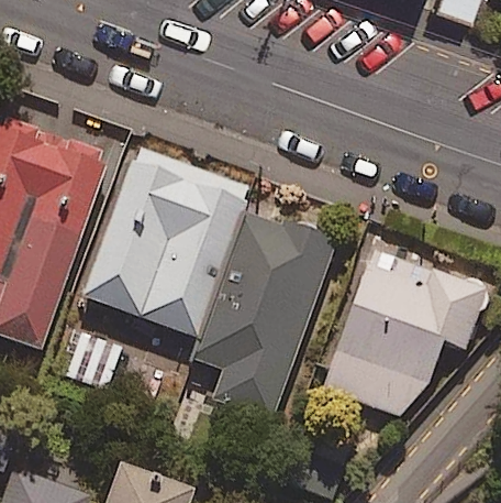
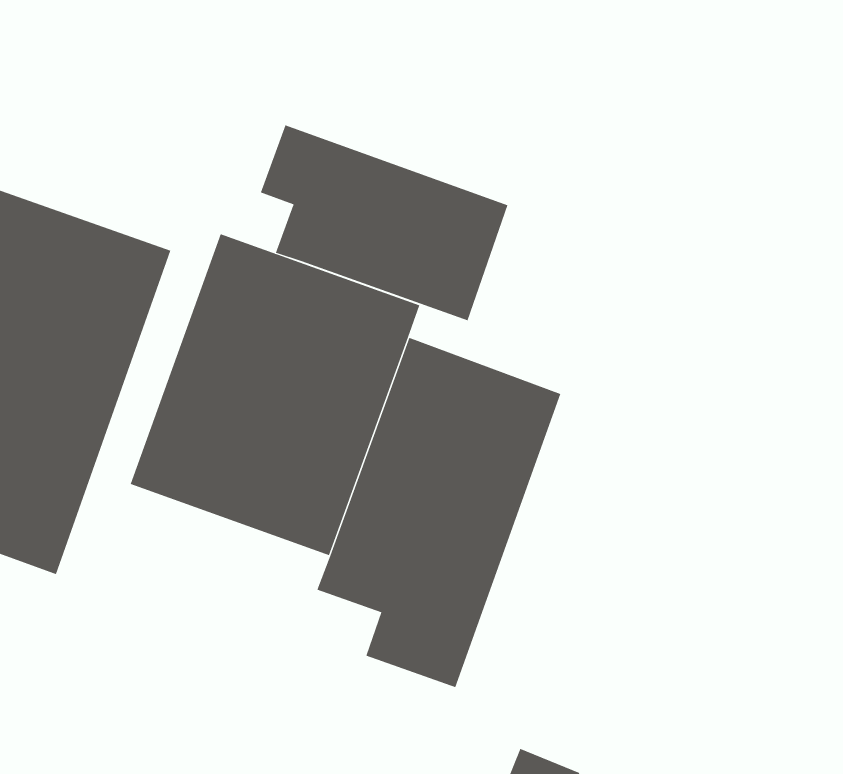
building: none -> [260,125,508,321]
building: [323,260,486,417] -> none

